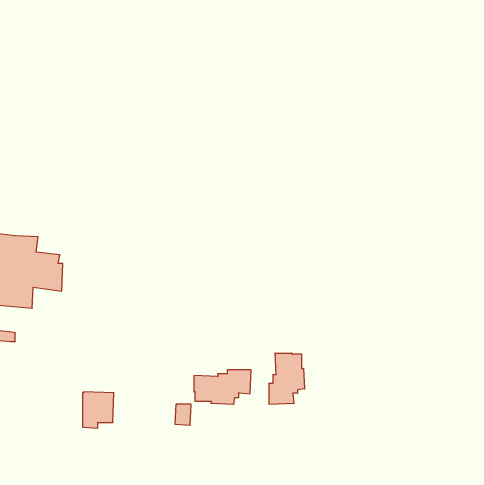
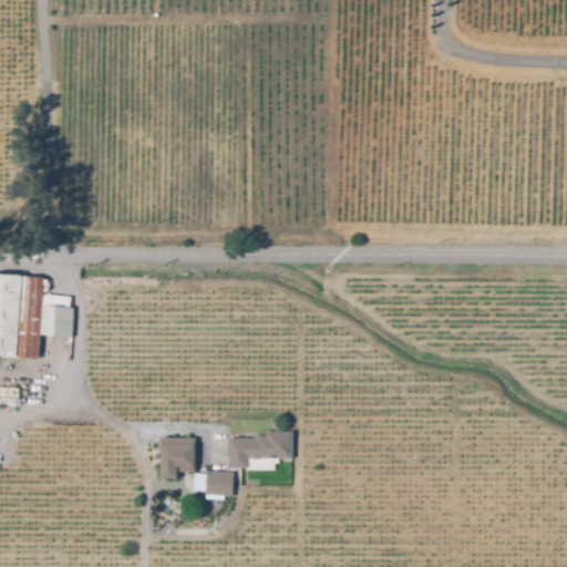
building: [269,353,305,404] -> none
building: [83,392,114,428] -> [158,436,195,478]

